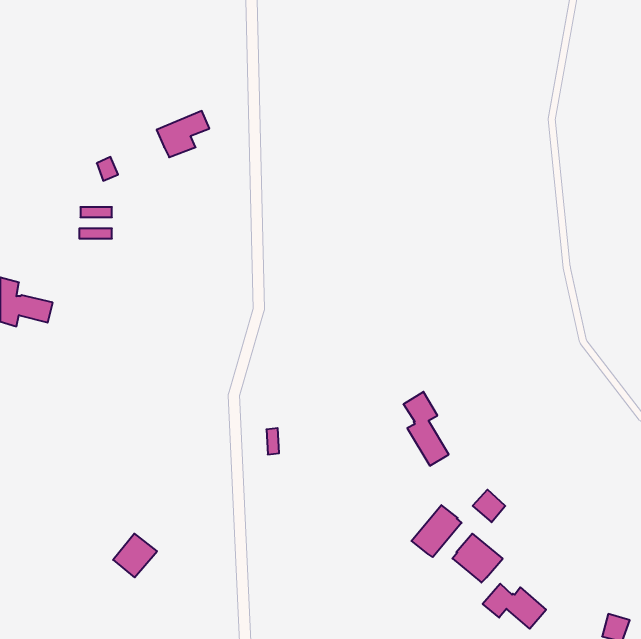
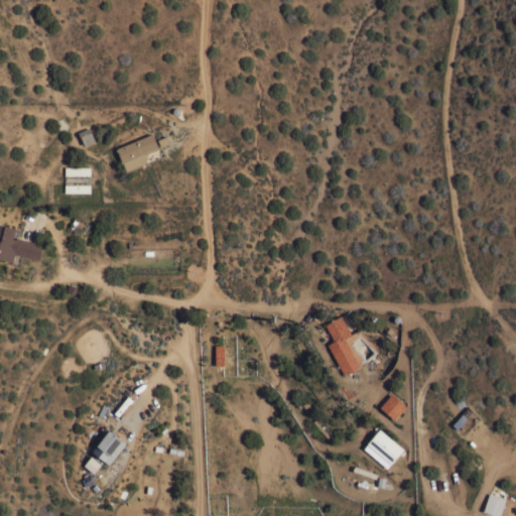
building: [157,111,209,157] -> [117,134,159,171]
building: [411,505,462,557] -> none
building: [483,584,546,629] -> none

